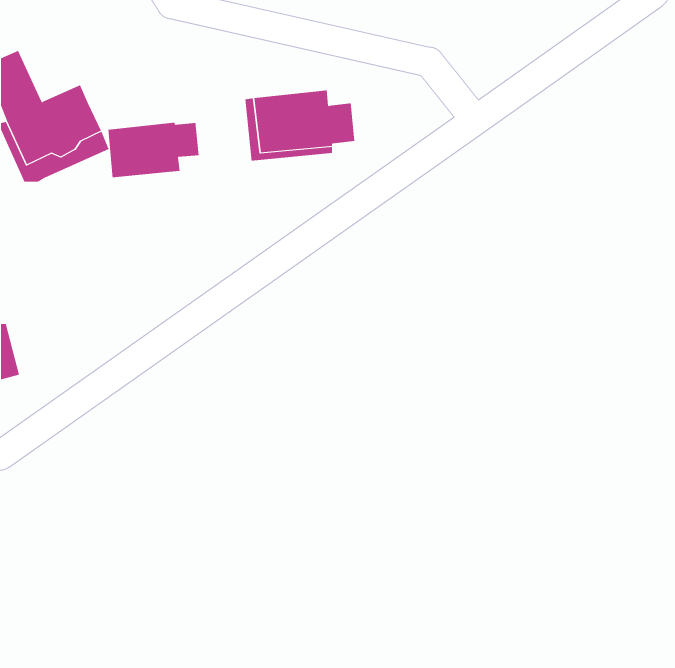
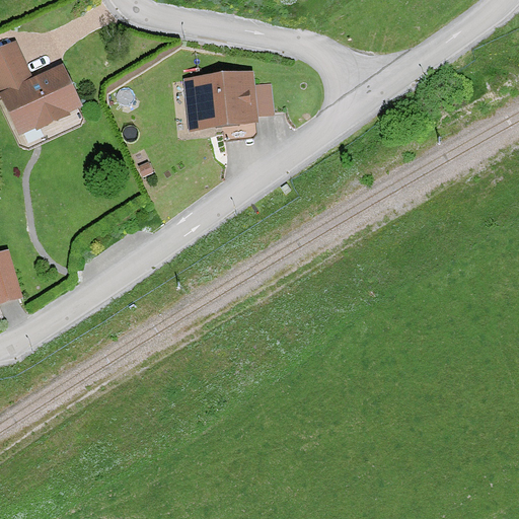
building: [108,122,199,178] -> none

